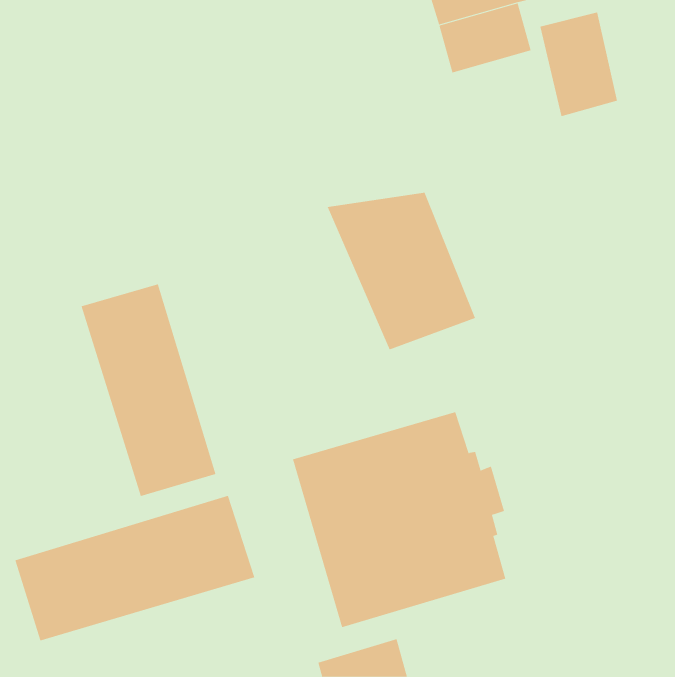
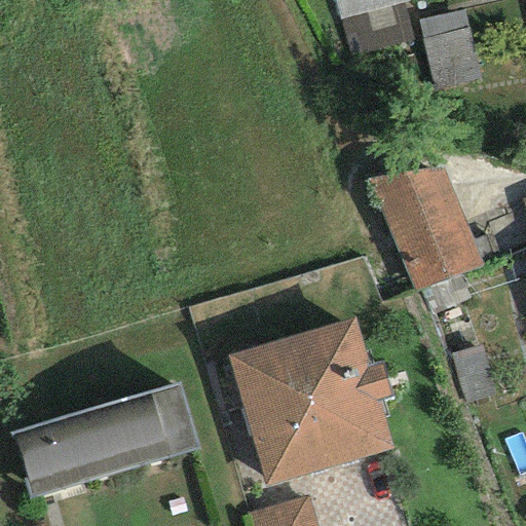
building: [327,192,476,350] -> [368,167,483,290]
building: [81,284,216,497] -> none

